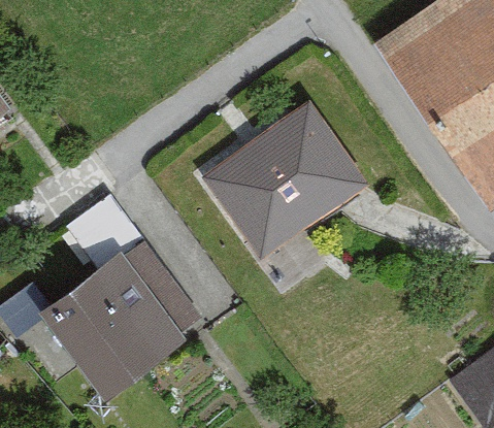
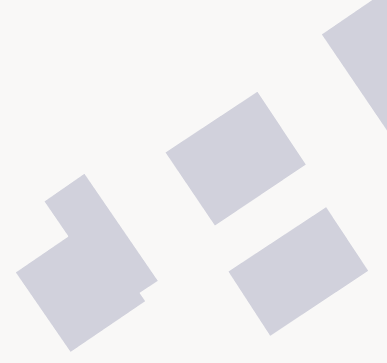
building: none -> [227,206,369,337]

